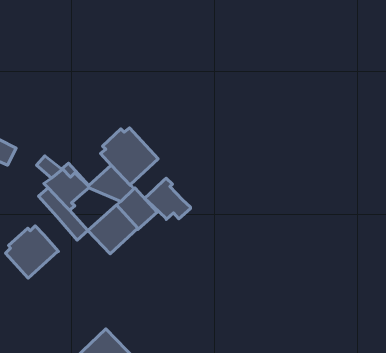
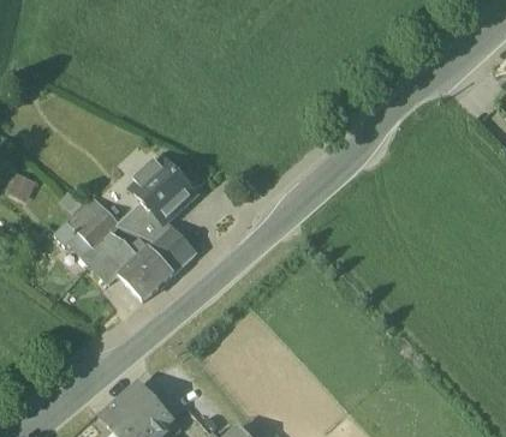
building: [144,178,191,219] -> none
building: none -> [97,232,139,274]
building: [6,226,58,278] -> none

